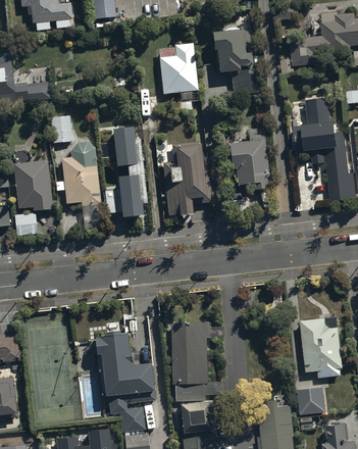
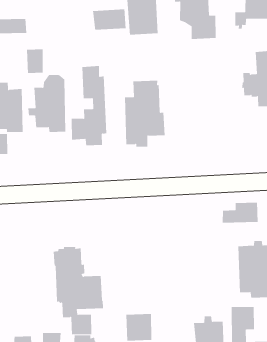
building: none -> [92,9,126,31]
building: [229,128,270,190] -> none
building: none -> [222,202,258,224]
building: [170,322,215,400] -> none

